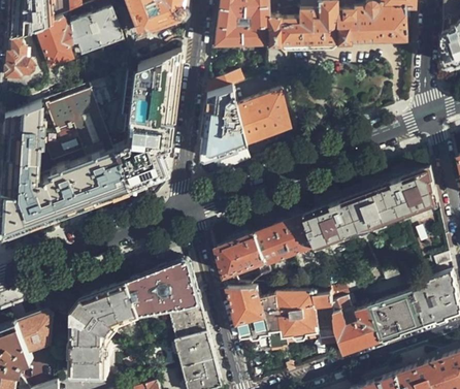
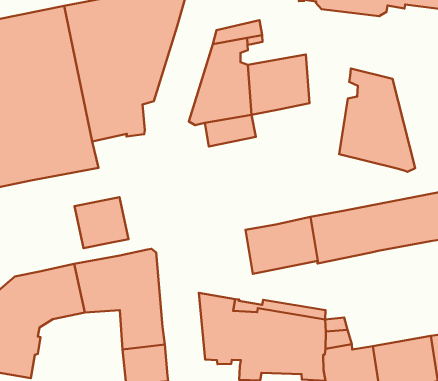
building: none -> [339,68,415,172]
building: none -> [74,197,129,248]
building: [218,234,269,285] -> none

